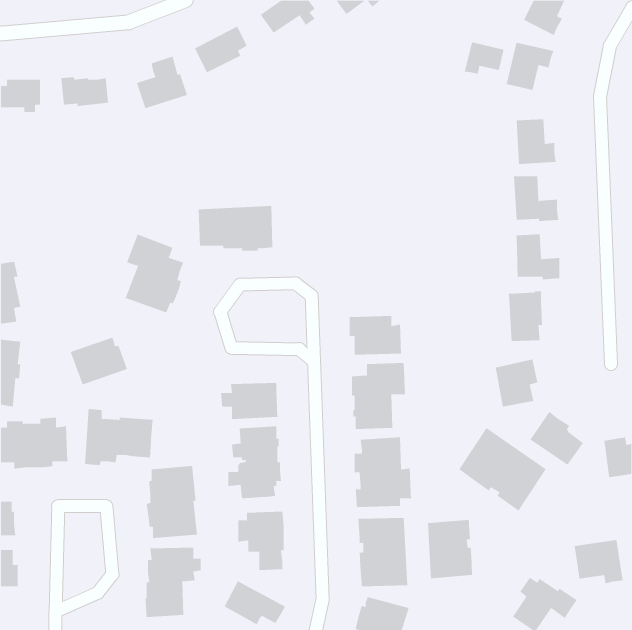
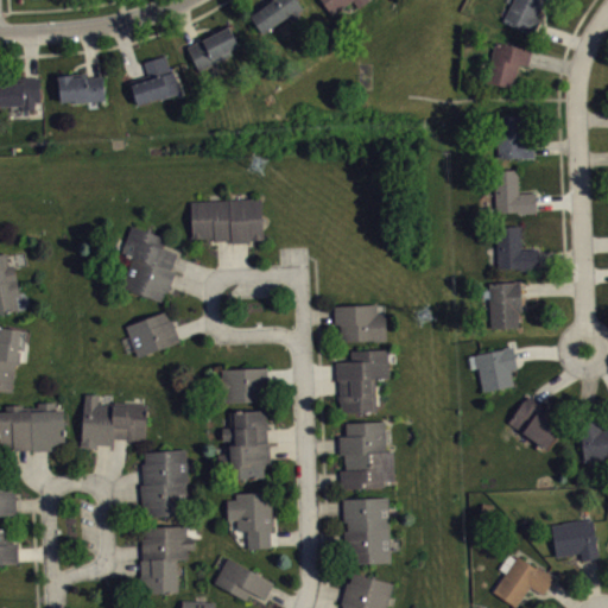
building: [464,41,504,75] -> none
building: [70,337,128,385] -> [125,312,180,359]
building: [459,427,546,511] -> none
building: [427,519,472,579] -> none

